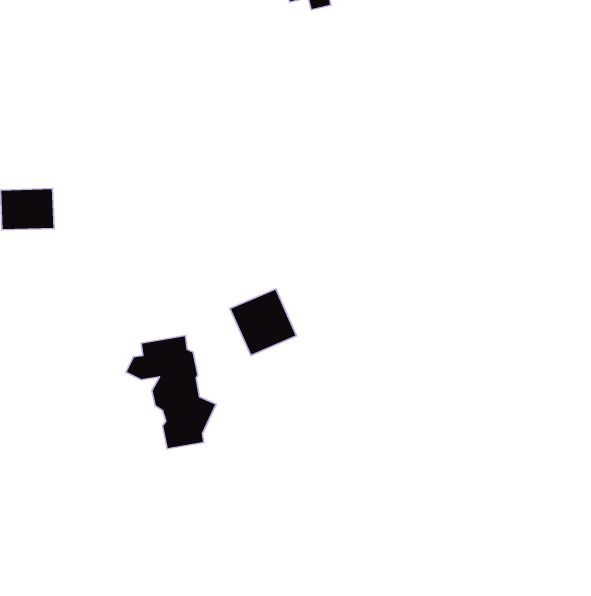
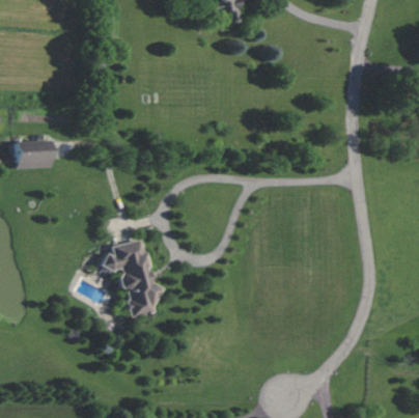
building: [230,289,297,356] -> none

